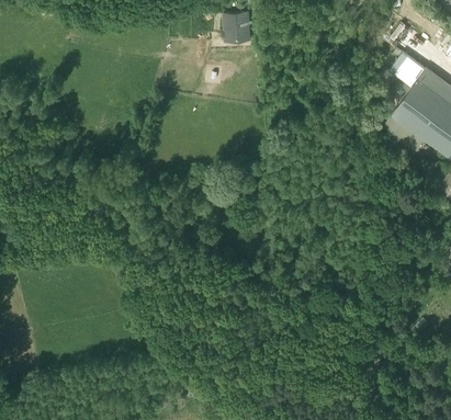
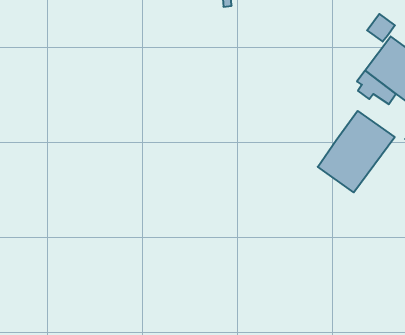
building: none -> [318,111,395,192]

